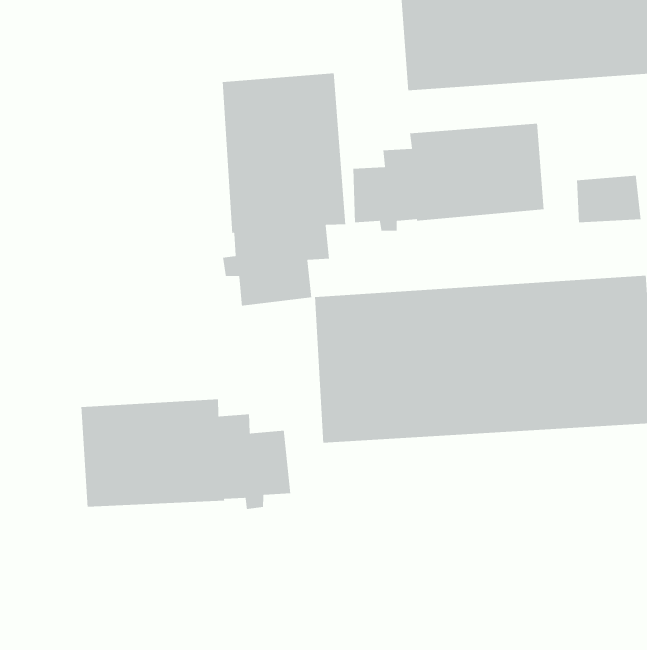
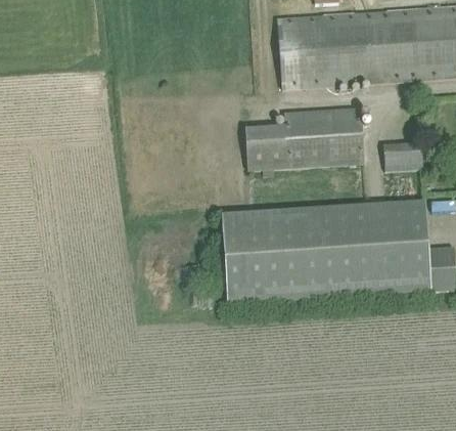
building: [222,72,346,306] -> none
building: [81,398,291,510] -> none

